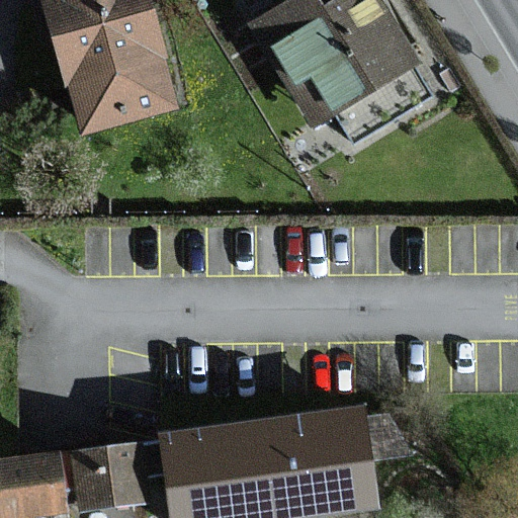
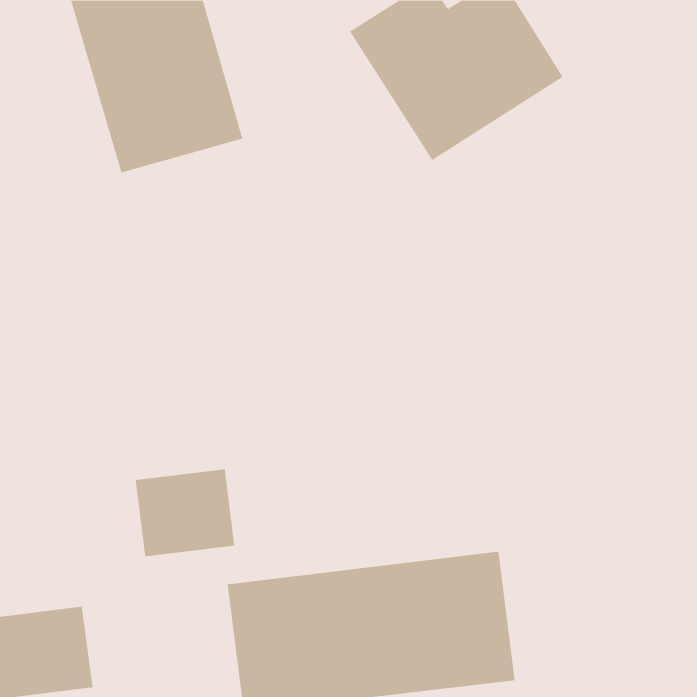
building: [77,444,151,509] -> [135,469,235,557]

